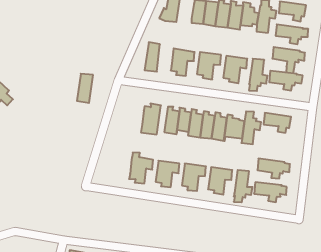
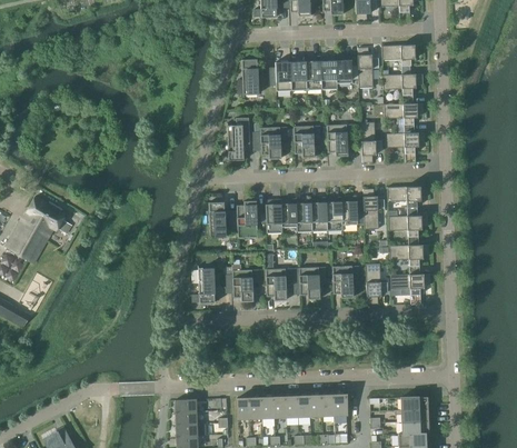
building: [77,74,93,103] -> [209,201,226,237]
building: none -> [388,215,429,236]
building: none -> [192,267,215,302]

